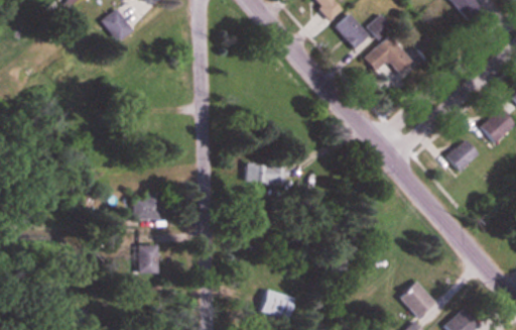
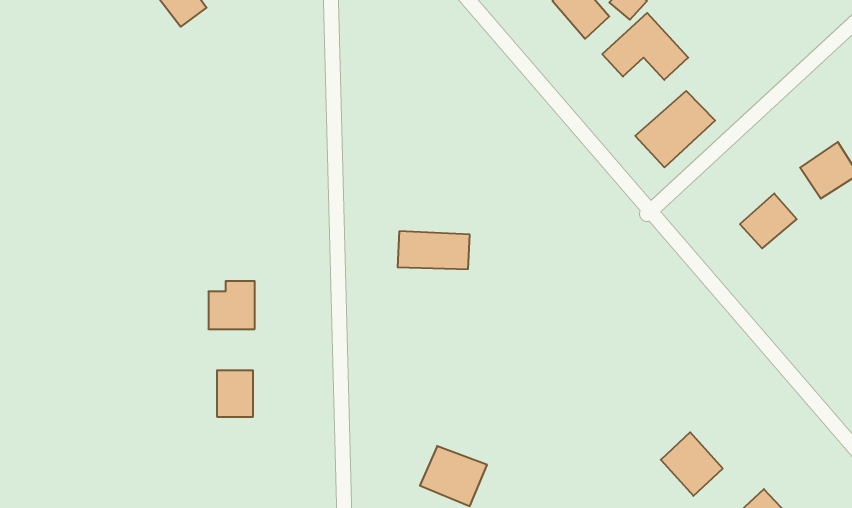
building: none -> [635,91,715,167]

